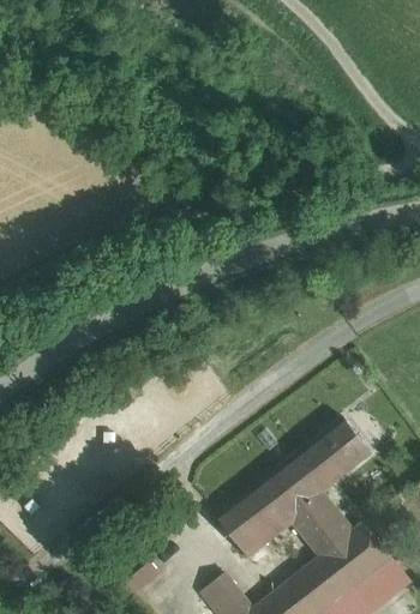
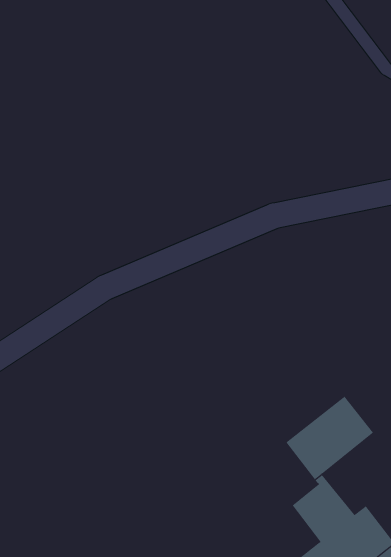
building: [217,463,318,558] -> none

